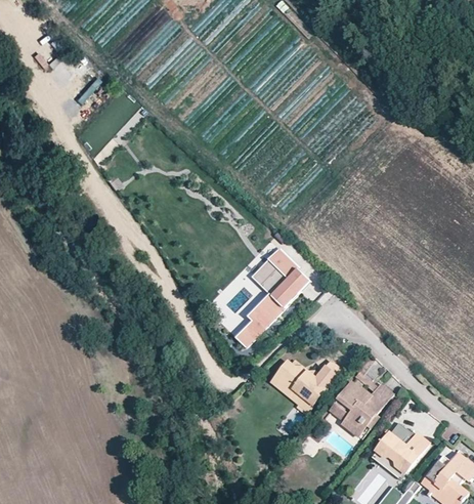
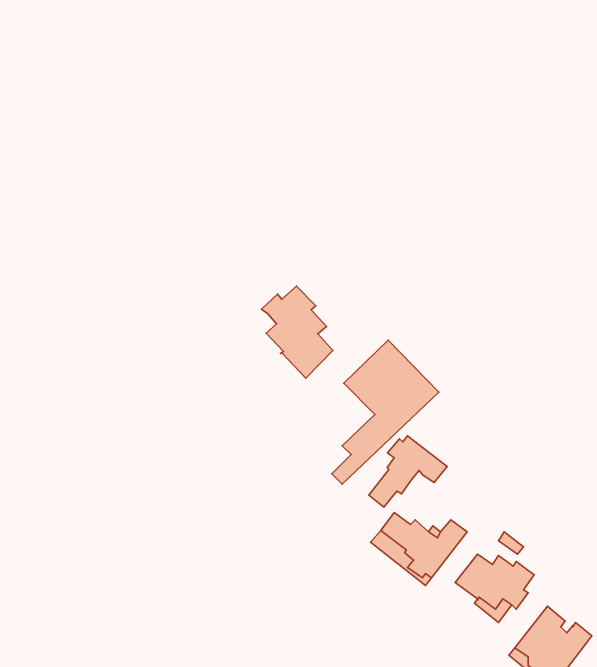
building: none -> [262,286,333,378]
building: none -> [369,436,447,507]

